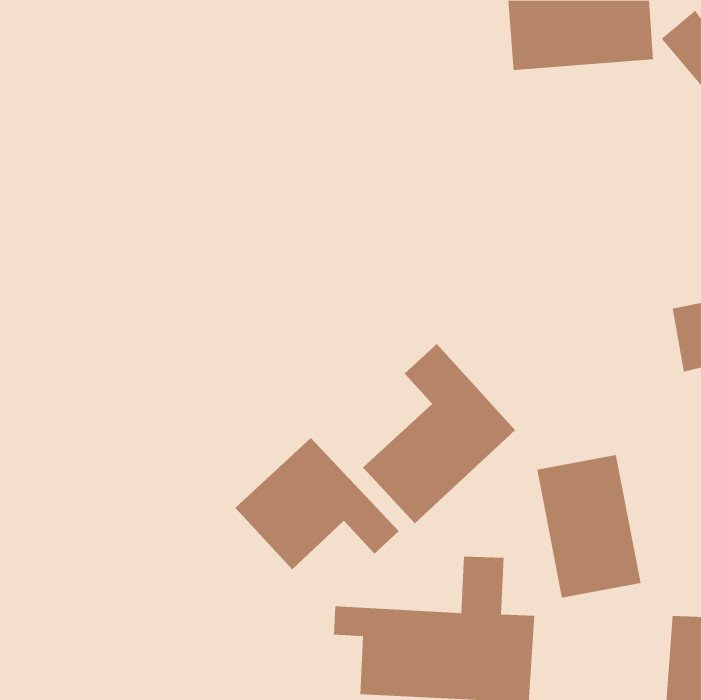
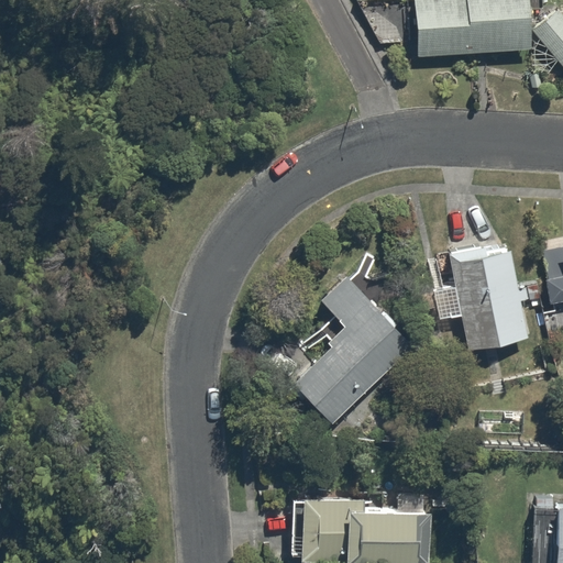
building: [234,437,399,570] -> none
building: [536,454,641,598] -> [451,240,534,354]

